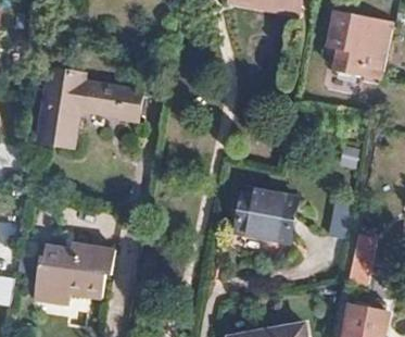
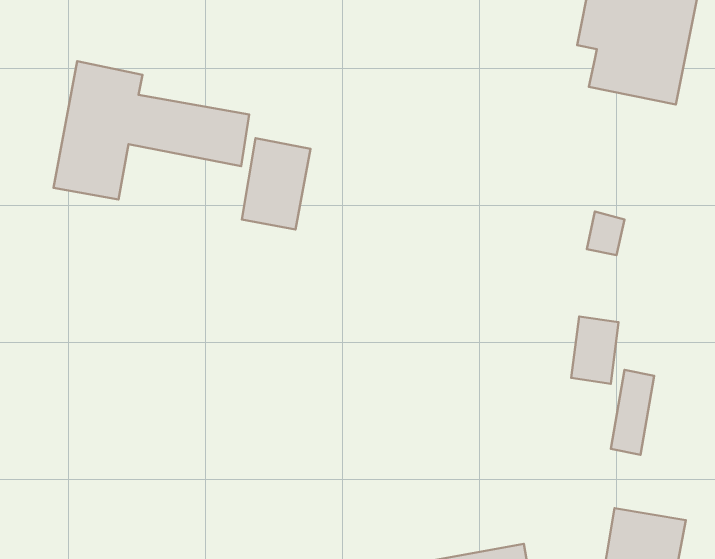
building: none -> [242,138,311,230]
building: [241,194,301,248] -> none
building: [30,240,117,298] -> none

